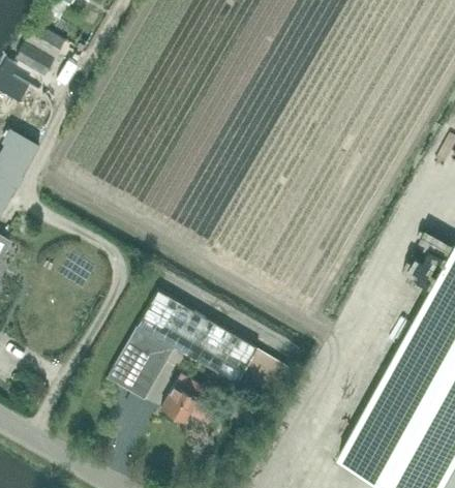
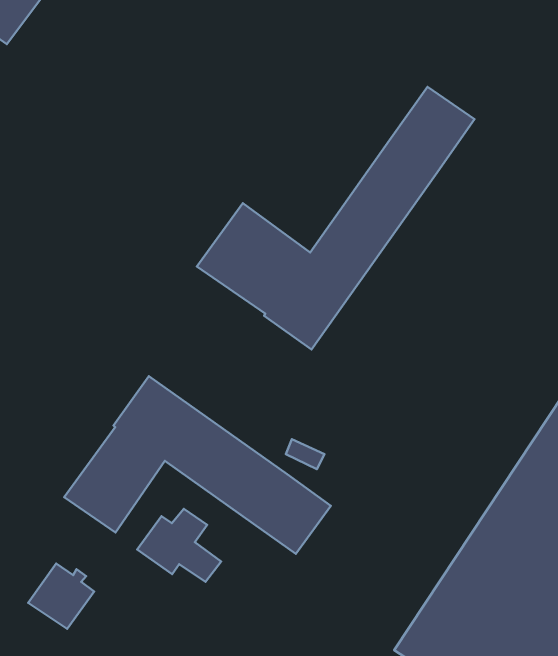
building: none -> [197,87,474,350]
building: none -> [28,564,94,629]

